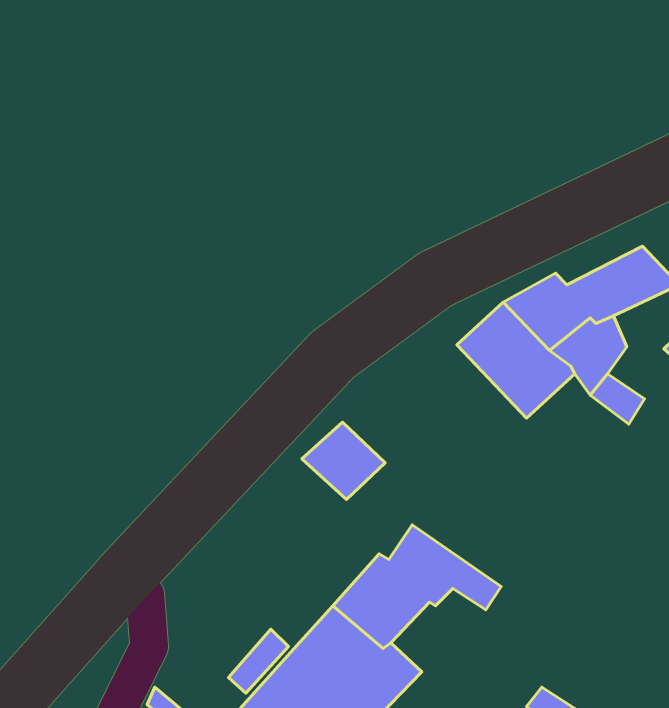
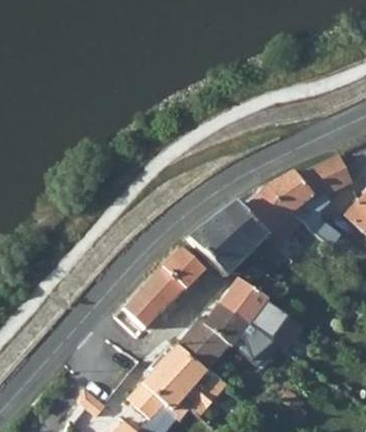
building: none -> [185,201,296,274]
building: none -> [125,268,184,327]
building: none -> [219,277,286,338]

